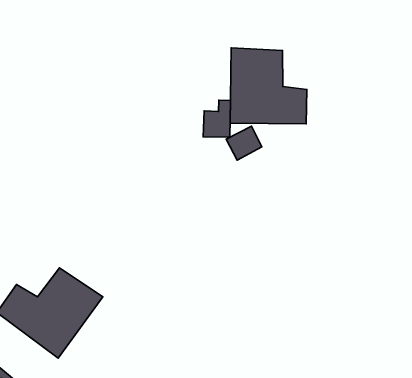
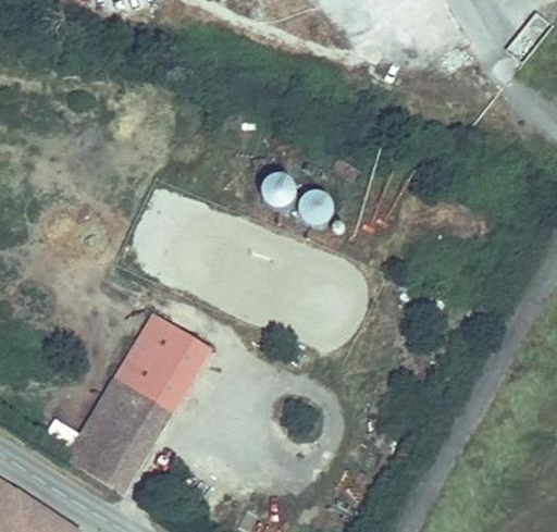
building: [230,48,307,124] -> none
building: none -> [110,309,209,416]

